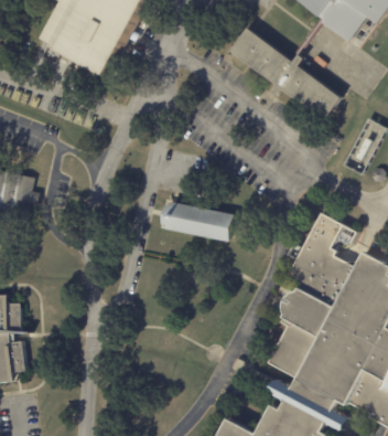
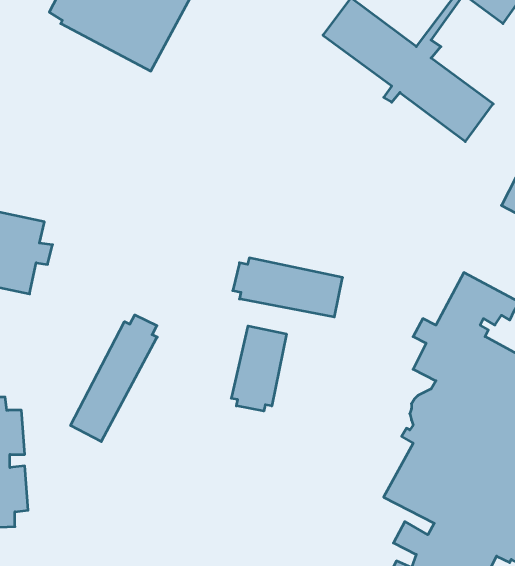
building: none -> [71,315,157,442]
building: none -> [231,326,286,411]

